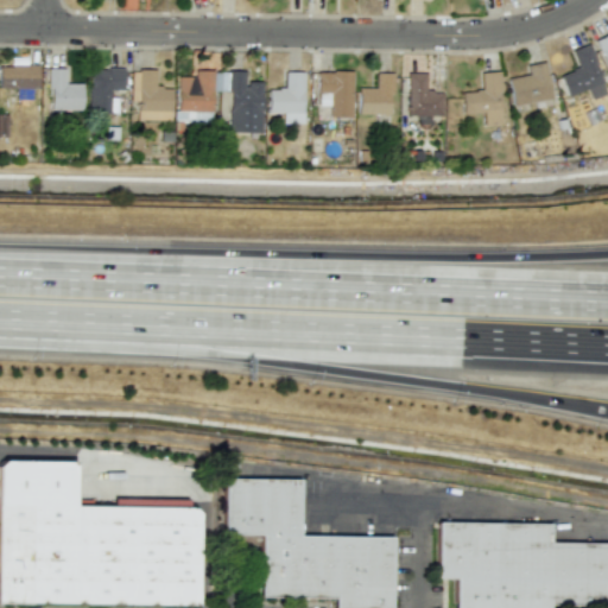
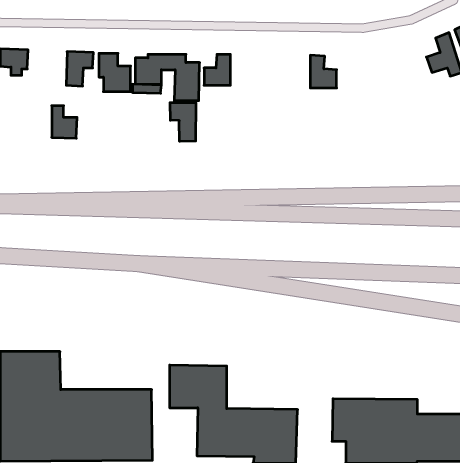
building: [511,62,555,104] -> none
building: [52,68,86,110] -> [52,106,77,138]
building: [321,71,355,116] -> none
building: [464,71,505,125] -> none
building: [362,72,395,114] -> none
building: none -> [170,103,196,141]

